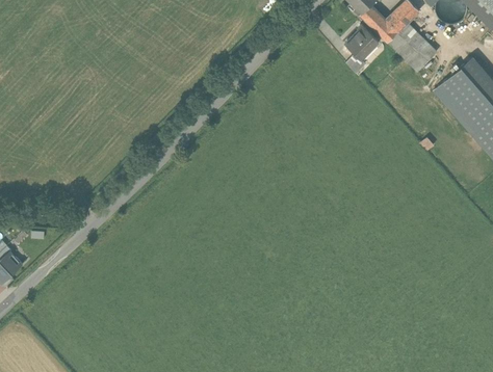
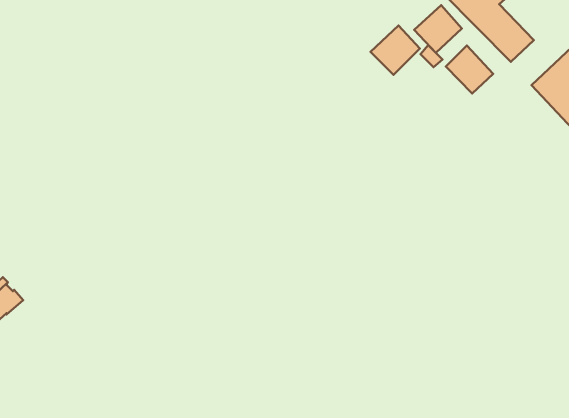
building: none -> [371,26,420,75]
building: none -> [446,46,493,93]

